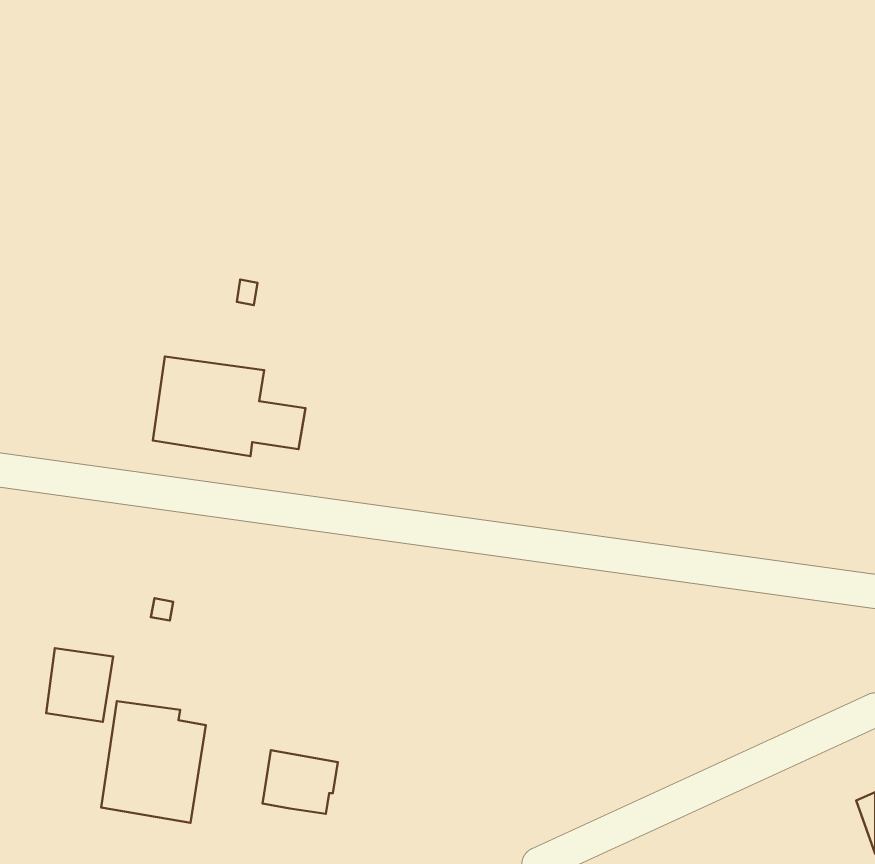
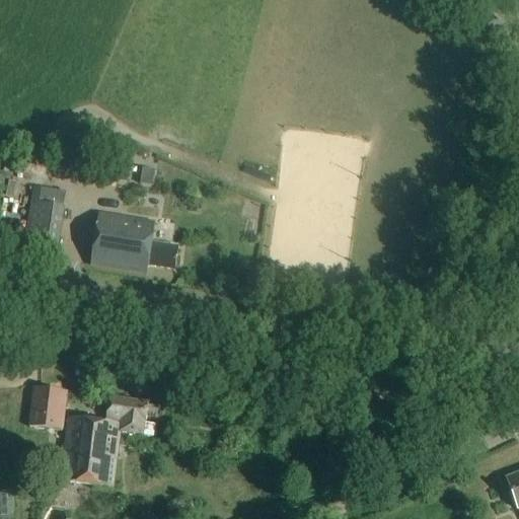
building: none -> [22,198,64,245]
building: [262,750,338,814] -> [105,394,150,432]

